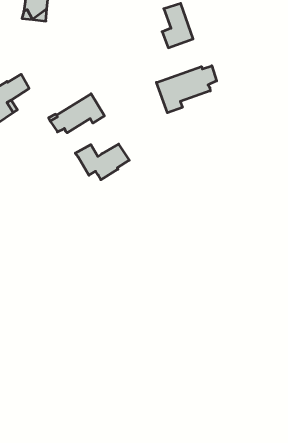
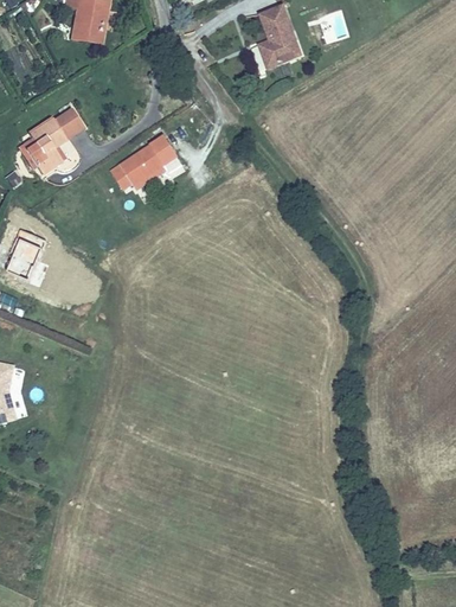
building: [156,66,217,113] -> none
building: [75,144,129,180] -> none

